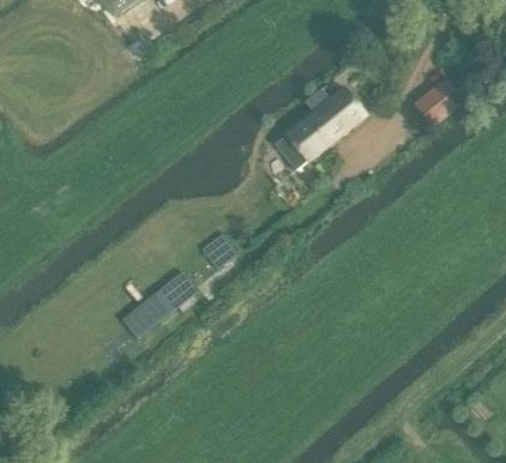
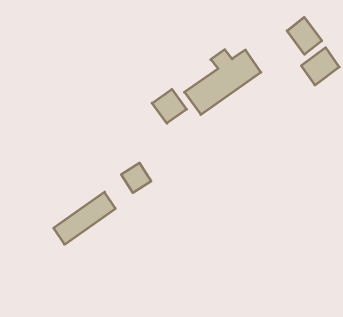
building: none -> [287,17,322,54]
building: none -> [152,89,187,123]

